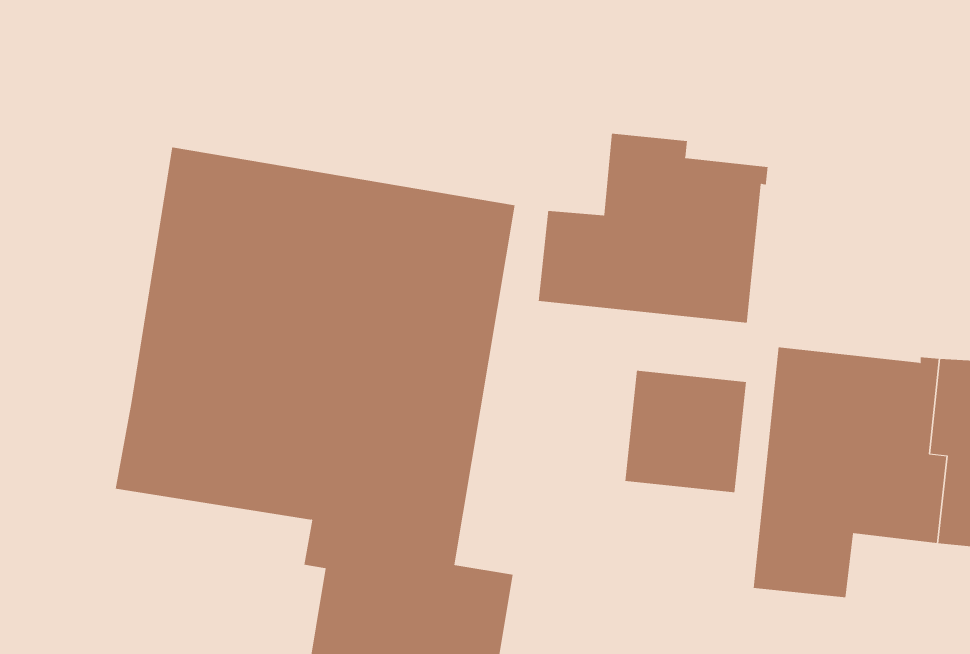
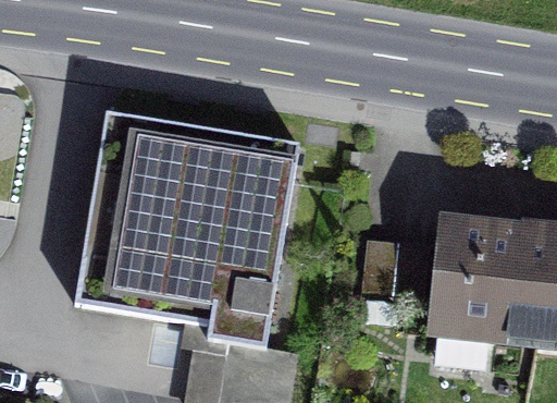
building: [538,133,768,323] -> none

